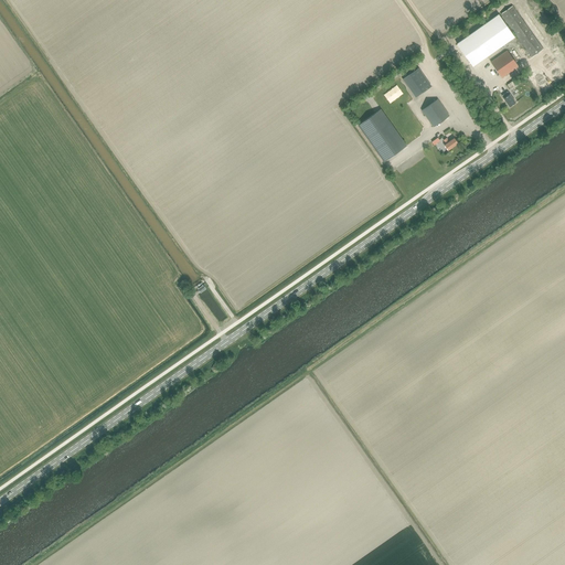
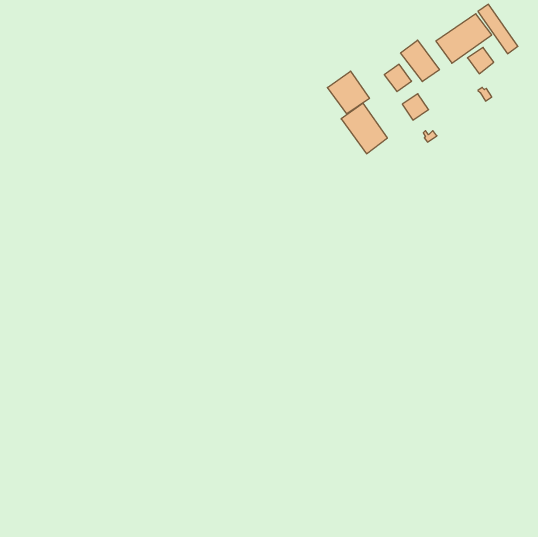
building: none -> [401,40,439,82]
building: none -> [327,71,369,114]

